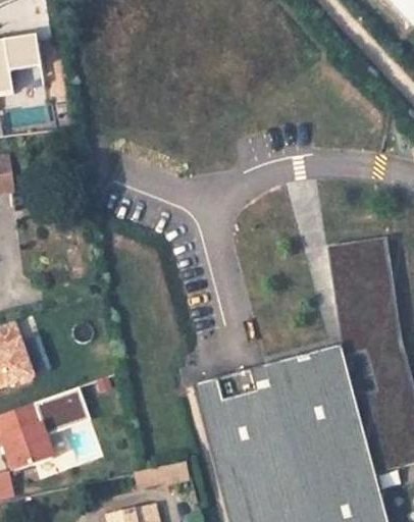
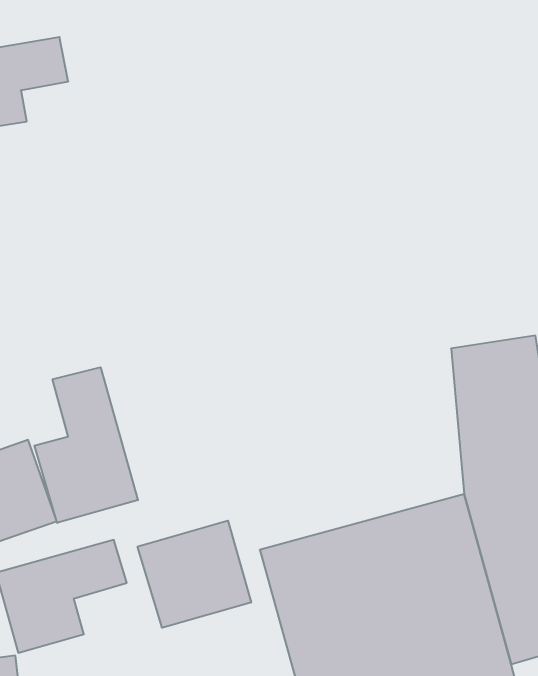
building: none -> [34,367,138,523]
building: none -> [138,521,251,628]

